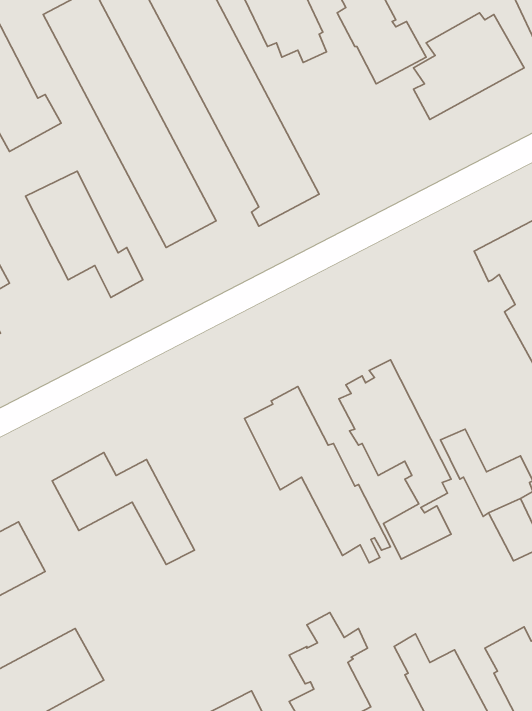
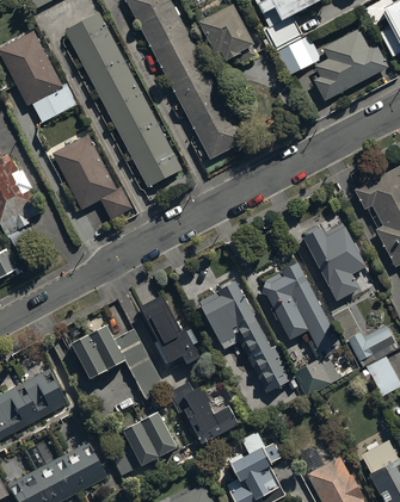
building: none -> [300,222,363,303]
building: none -> [140,292,199,361]
building: none -> [167,382,238,442]
building: none -> [110,404,178,476]

